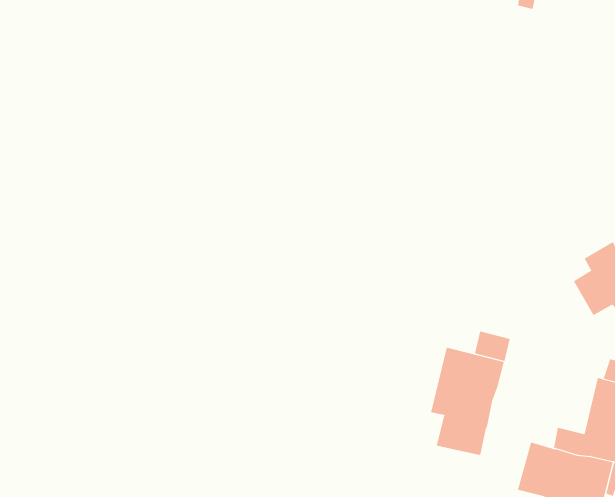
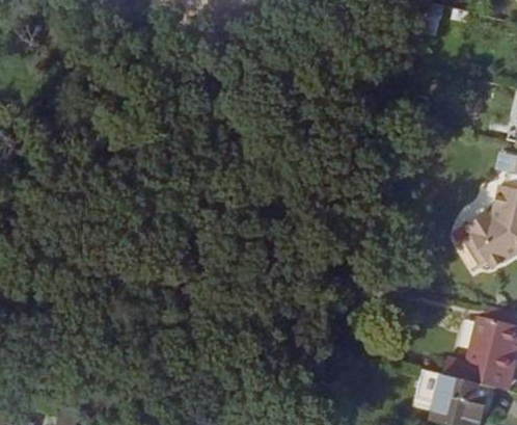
building: [430,347,505,456] -> none

